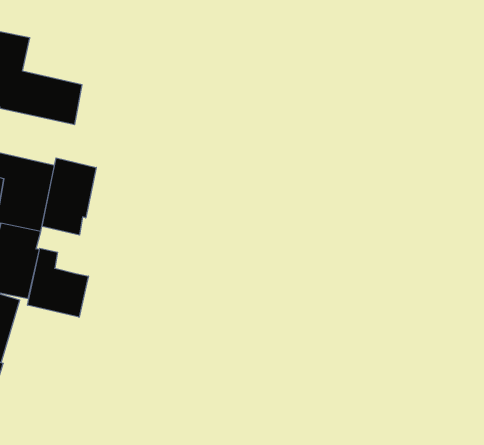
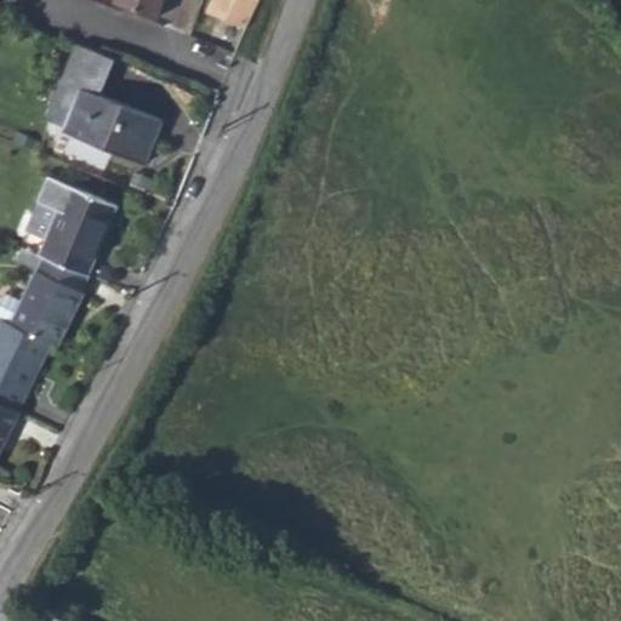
building: [42,158,96,235] -> none
building: [28,248,88,317] -> none

